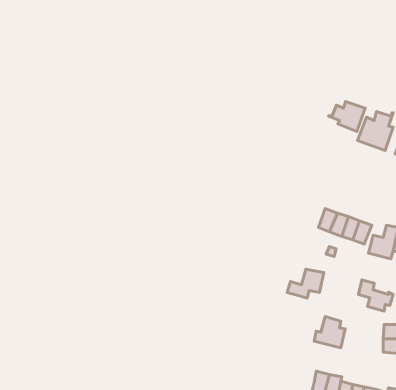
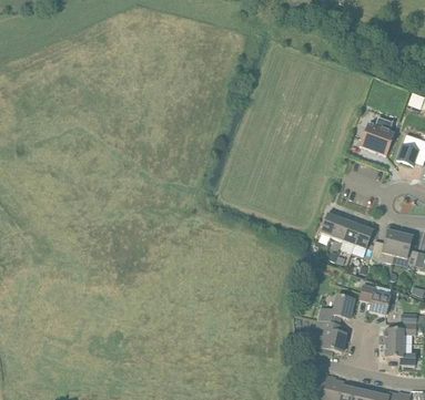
building: [329,102,365,131] -> none
building: [287,269,324,298] -> [318,295,355,324]

